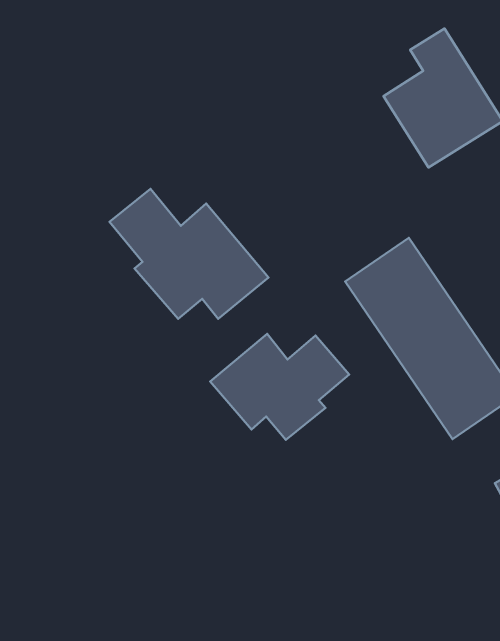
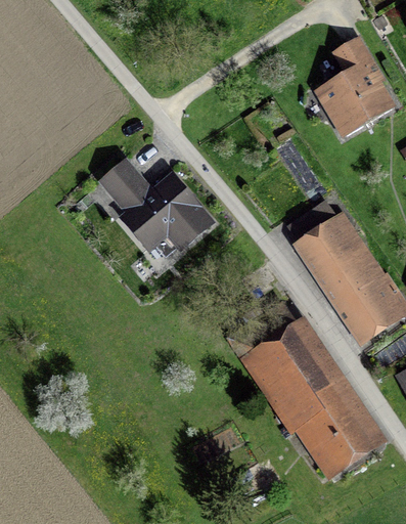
building: [210,334,349,440] -> none
building: none -> [234,325,379,486]

